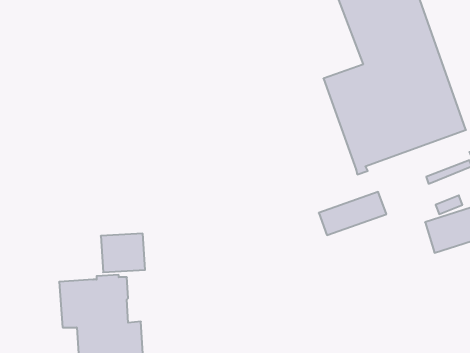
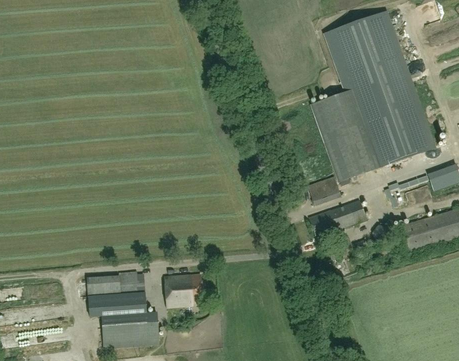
building: none -> [307,176,341,205]
building: [101,234,145,272] -> [164,274,202,307]

